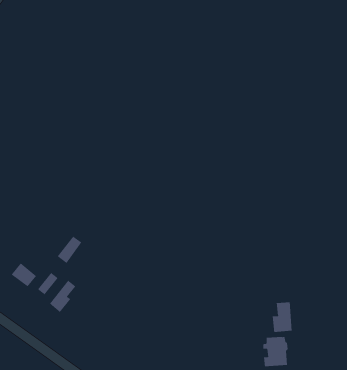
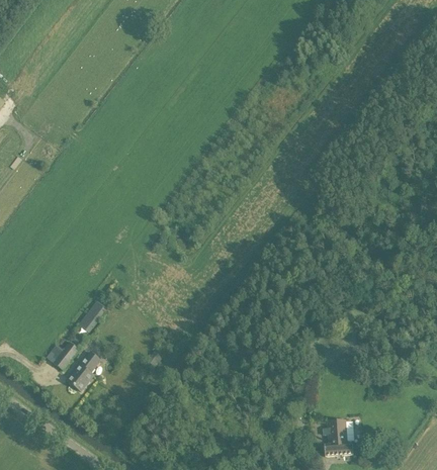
building: [11,262,37,287] -> none
building: [272,302,292,333] -> none

